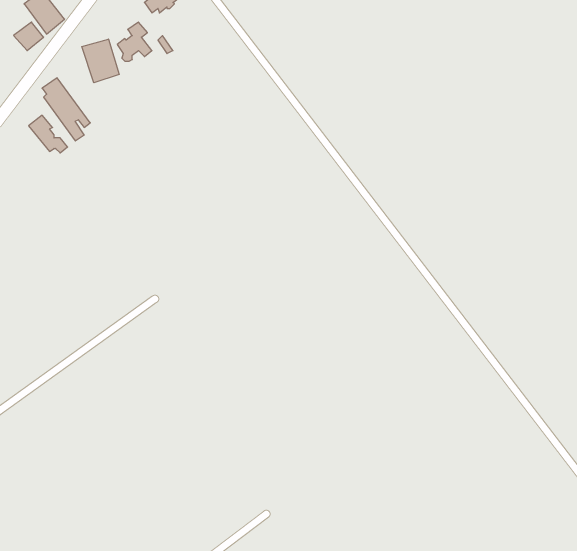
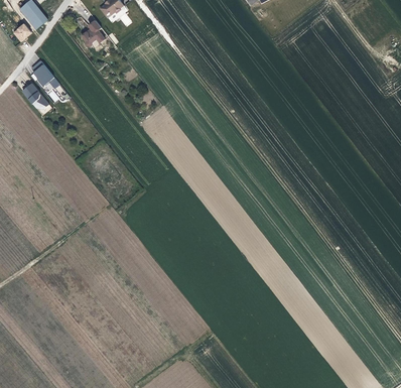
building: [82,39,119,83] -> none

